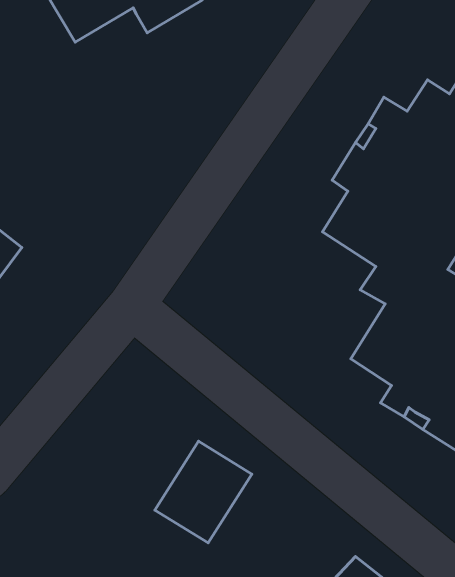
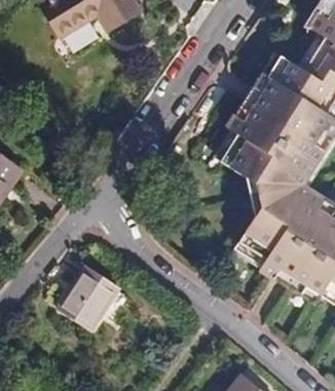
building: [155,441,252,543] -> [55,264,119,330]

